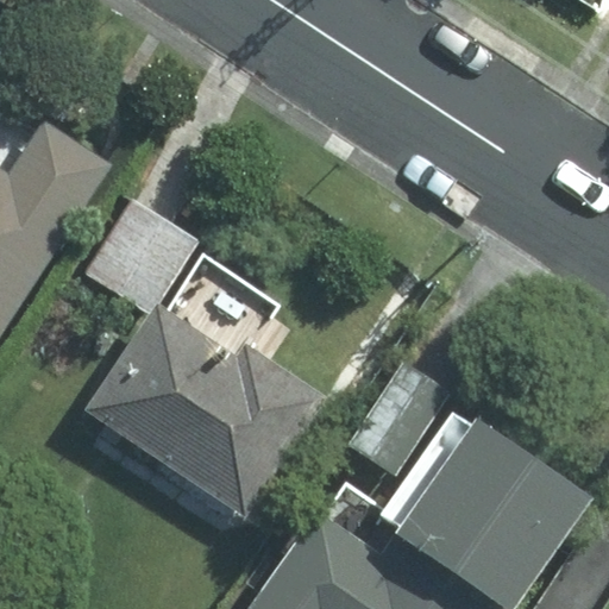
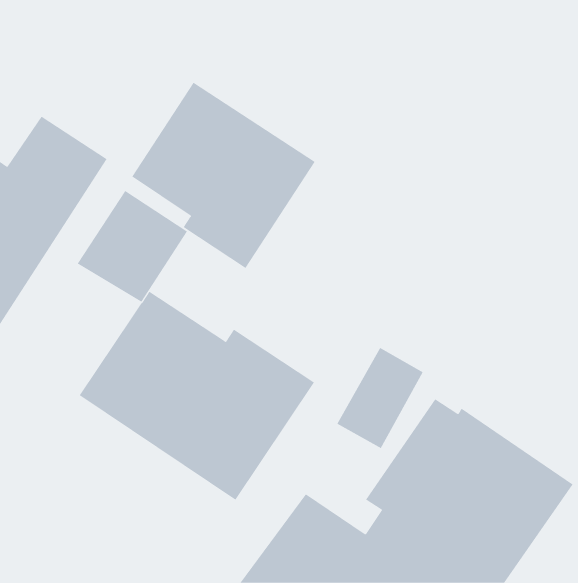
building: none -> [131,82,316,269]

